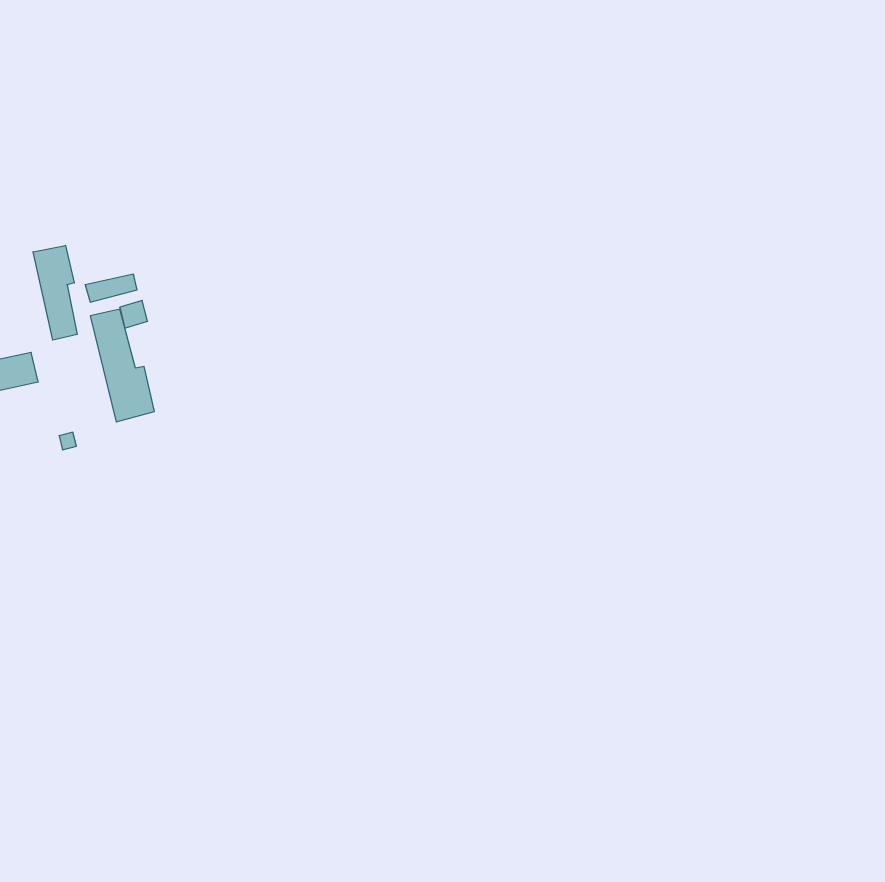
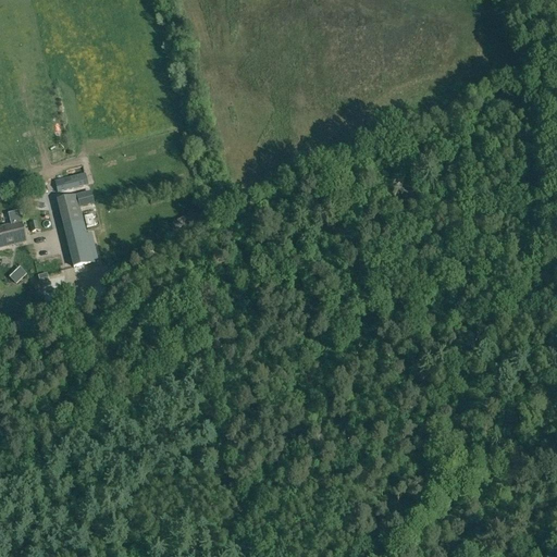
building: [33,245,77,340] -> none

